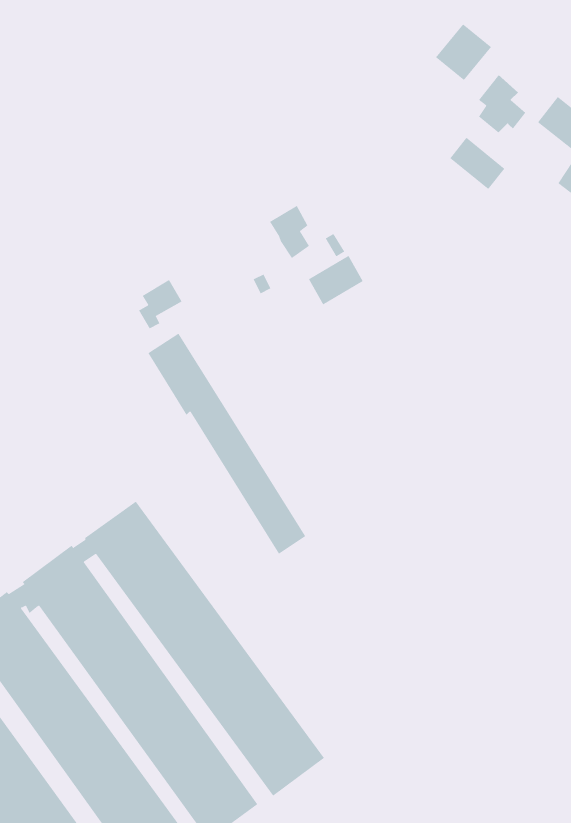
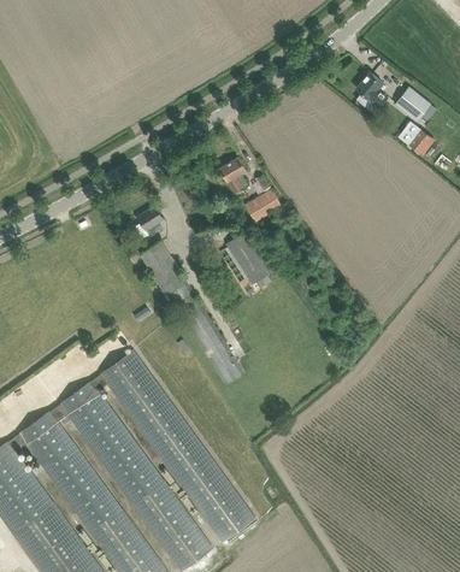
building: [435,23,492,81] -> none
building: [450,137,505,190] -> none
building: none -> [224,231,270,289]

